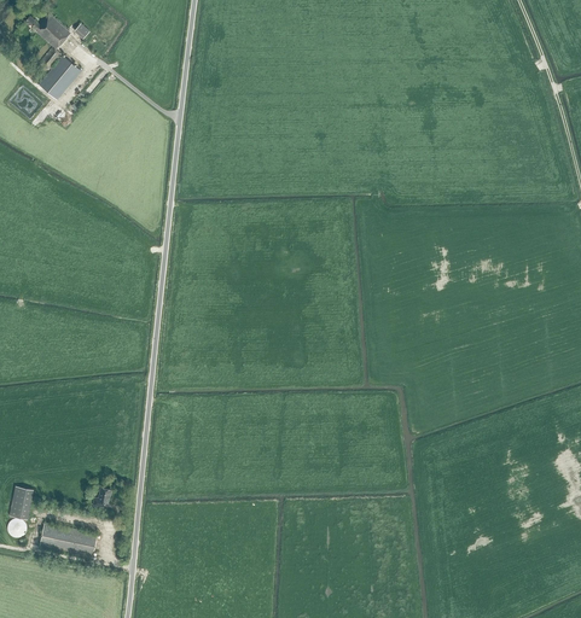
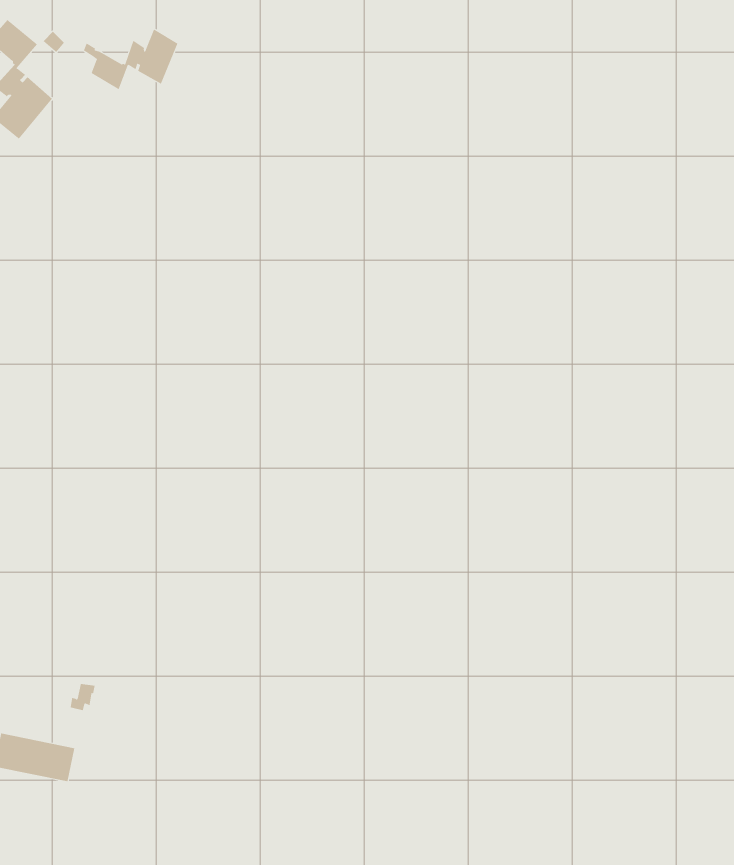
building: none -> [83,28,178,90]

